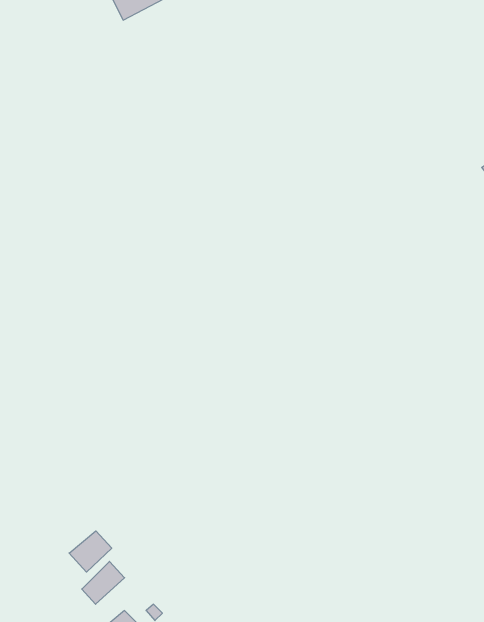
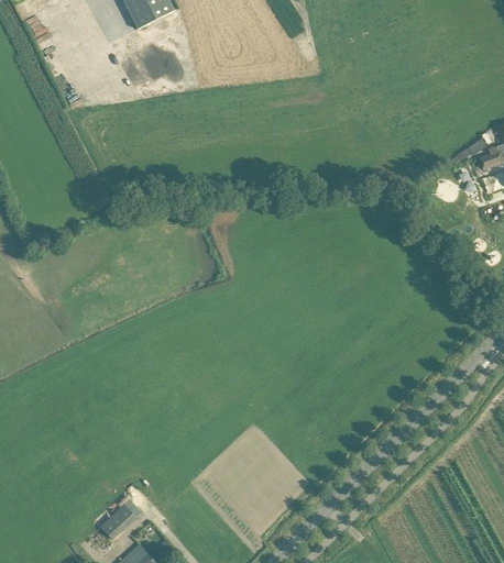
building: [69,531,112,572] -> none

